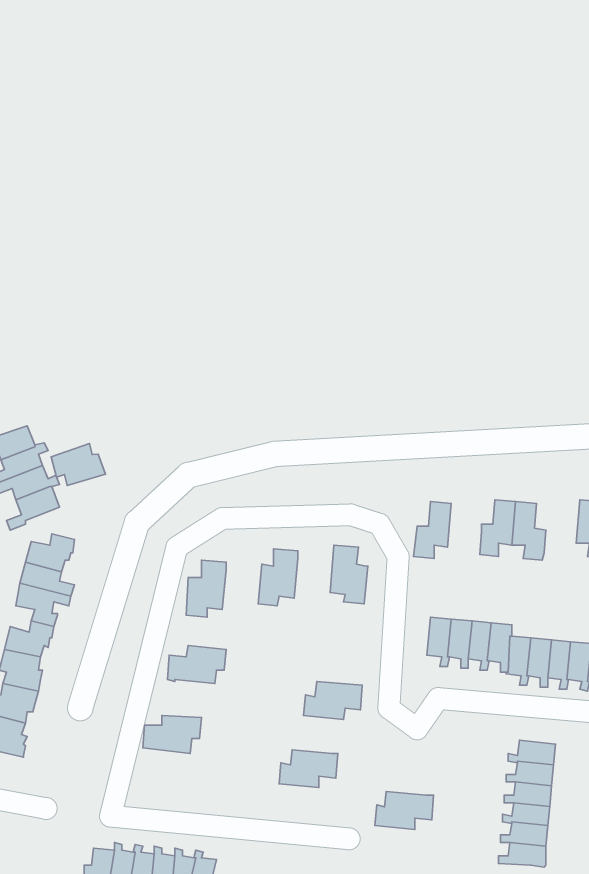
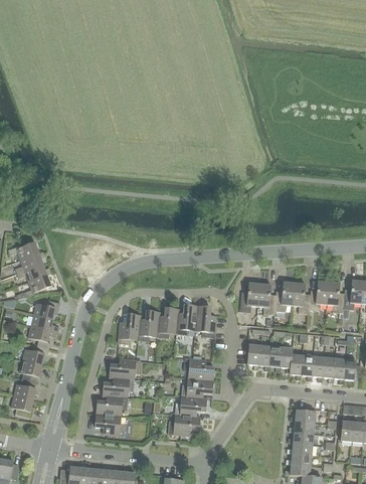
building: [51,444,105,486] -> none
building: none -> [309,280,328,310]
building: none -> [257,283,276,314]
building: none -> [176,304,197,334]
building: none -> [138,310,159,340]
building: none -> [184,358,214,379]
building: none -> [102,376,134,396]
building: none -> [95,413,125,437]
building: [375,792,434,829] -> [175,395,206,416]

